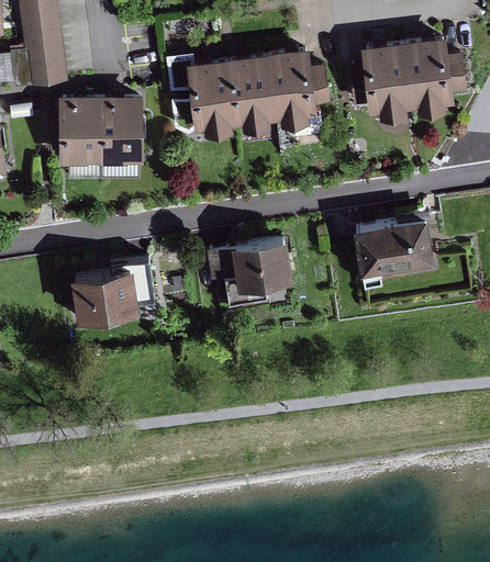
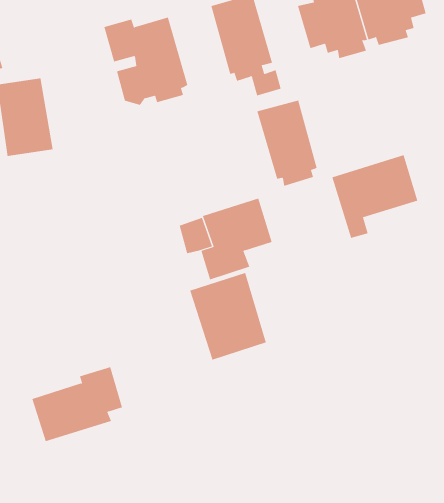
building: [229,54,277,132] -> [257,100,317,186]
building: [102,95,144,165] -> none
building: [71,260,155,321] -> [32,367,123,442]
building: none -> [190,272,267,360]

